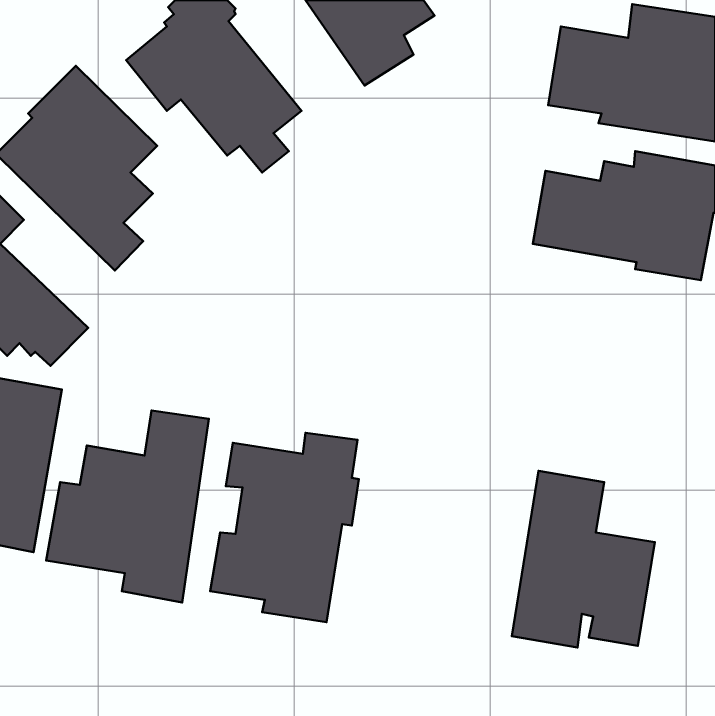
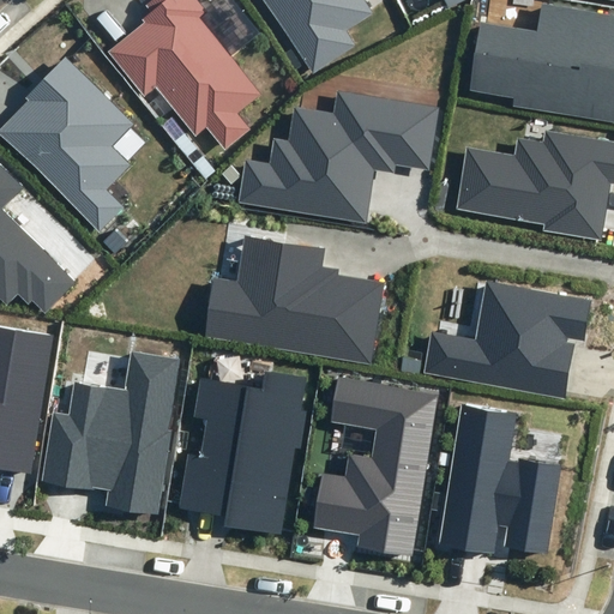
building: none -> [239,92,438,222]
building: none -> [203,237,383,363]
building: none -> [422,281,590,398]
building: none -> [312,379,438,556]

